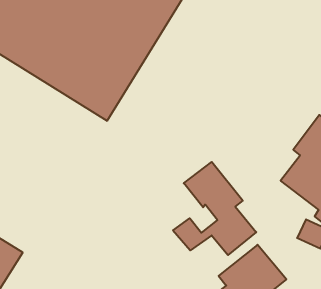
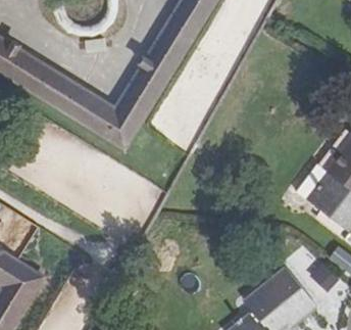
building: [173,162,256,255] -> none

